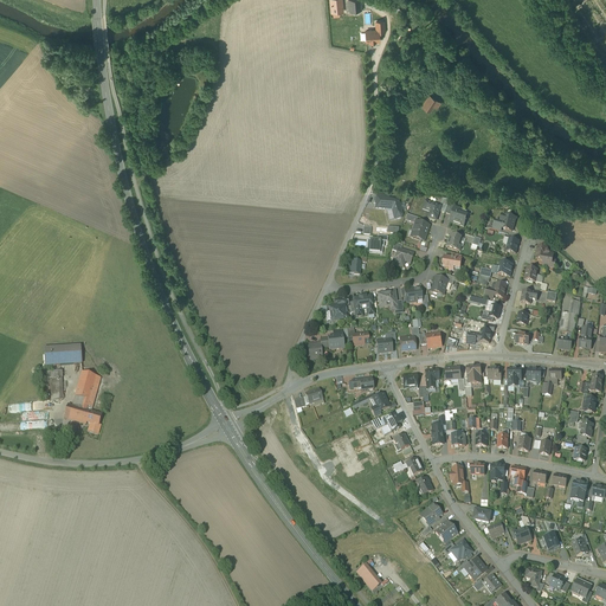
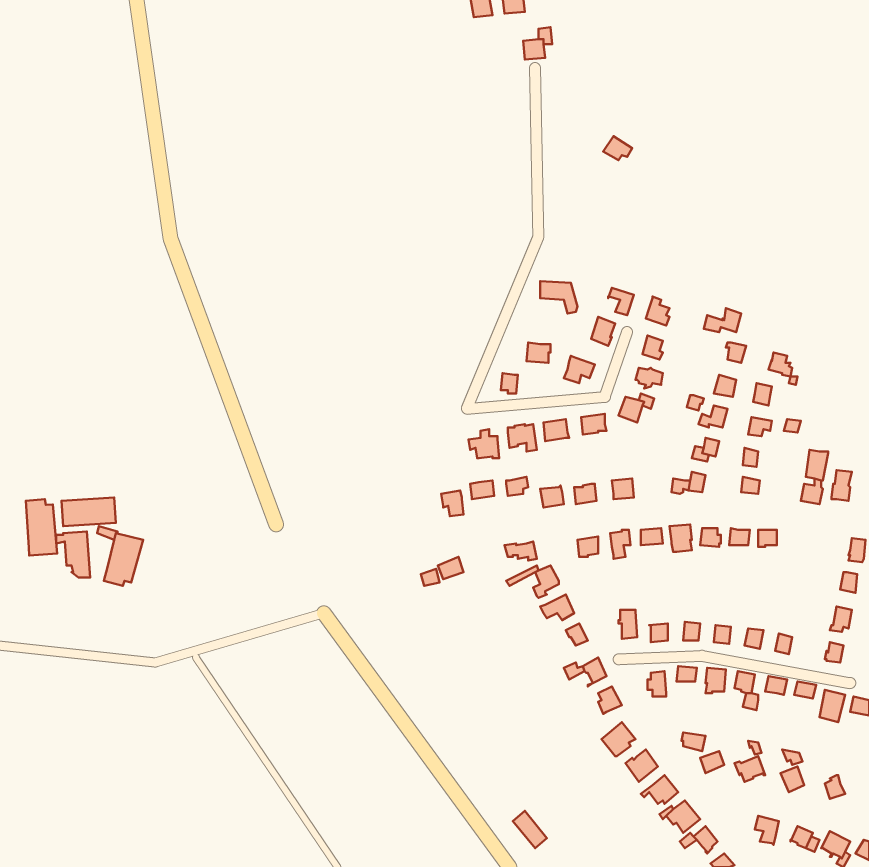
building: none -> [26,499,57,555]
building: [67,404,101,432] -> none

